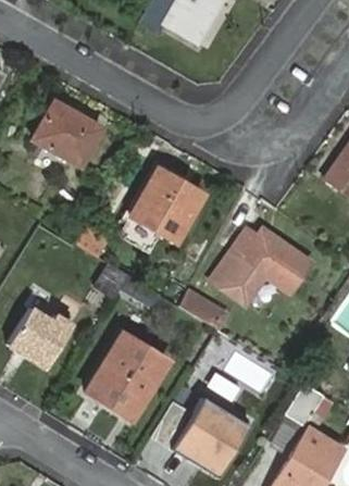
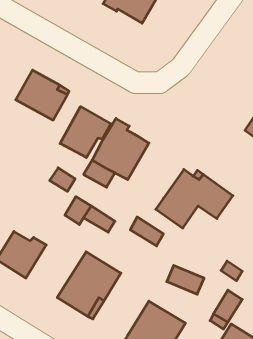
building: none -> [60,107,111,158]

